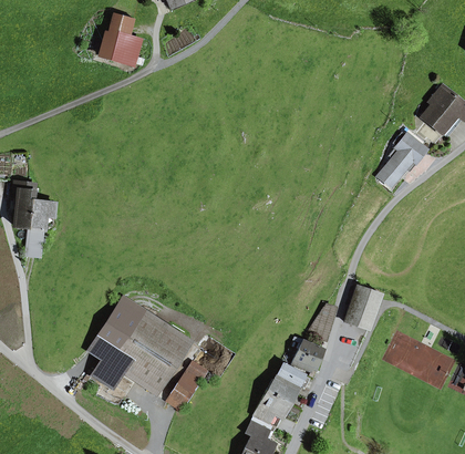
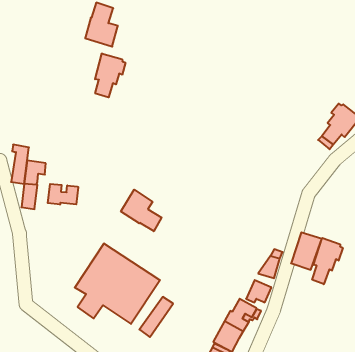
building: none -> [95,53,125,97]
building: none -> [48,184,78,205]
building: none -> [121,190,162,231]
building: none -> [312,238,343,284]

